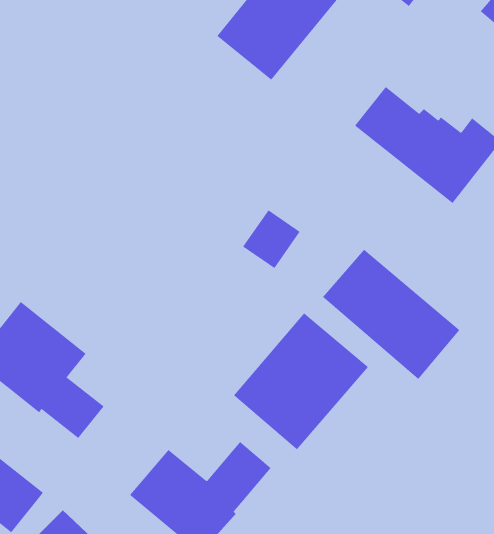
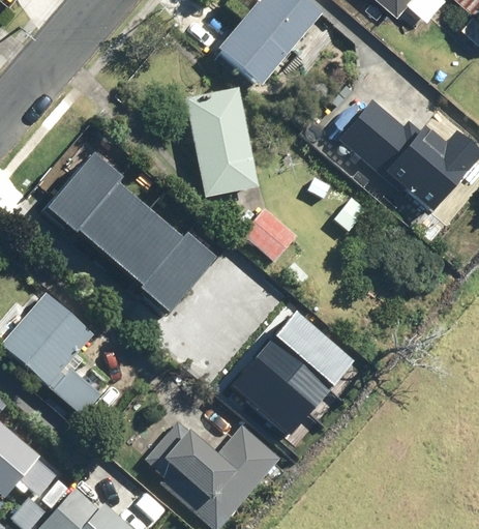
building: none -> [180,91,250,200]
building: none -> [50,151,216,310]
building: [322,249,460,380] -> none

